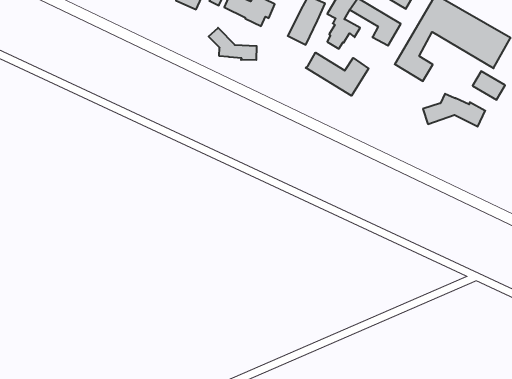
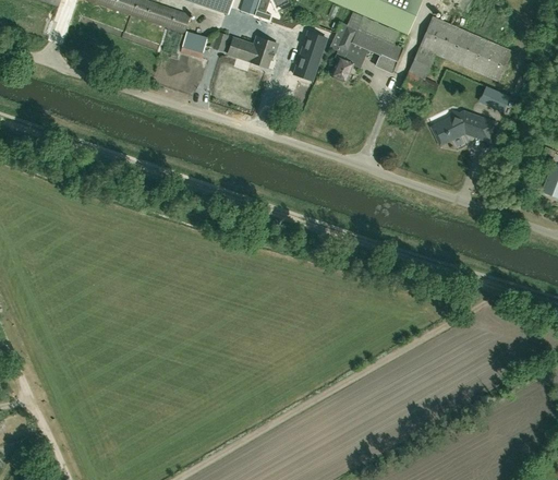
building: [209,28,257,60] -> none
building: [306,53,369,96] -> none

